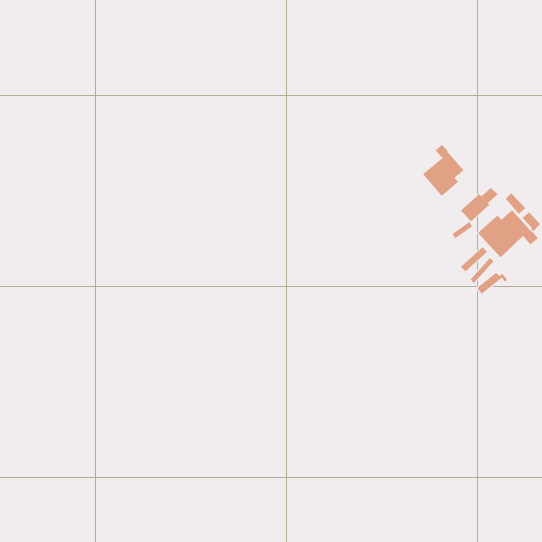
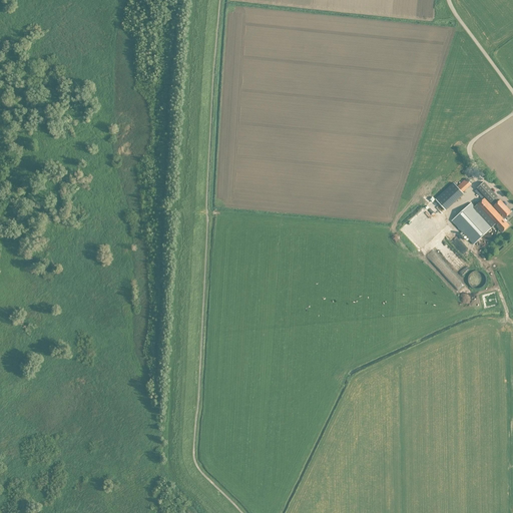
building: [422,144,464,197] -> none

